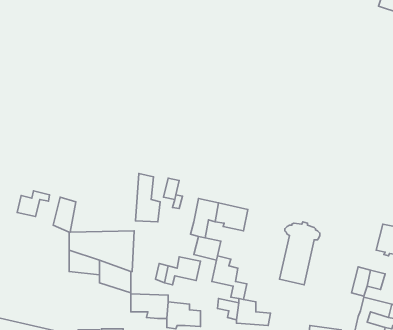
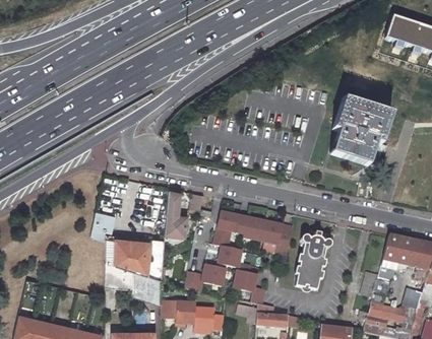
building: none -> [328,99,388,165]
building: [17,191,50,217] -> none
building: none -> [262,222,293,255]

